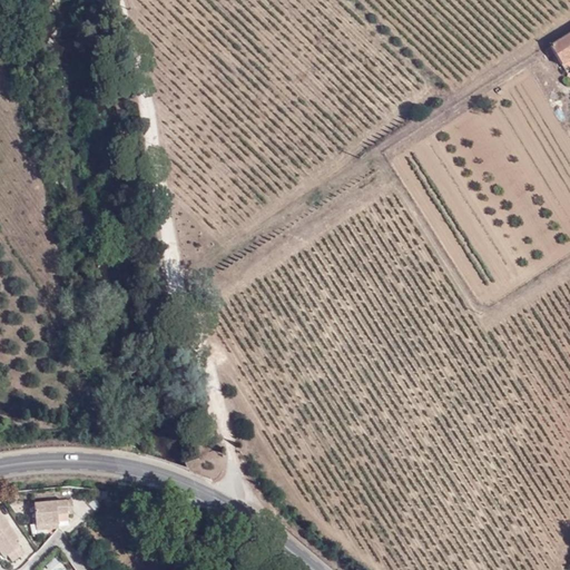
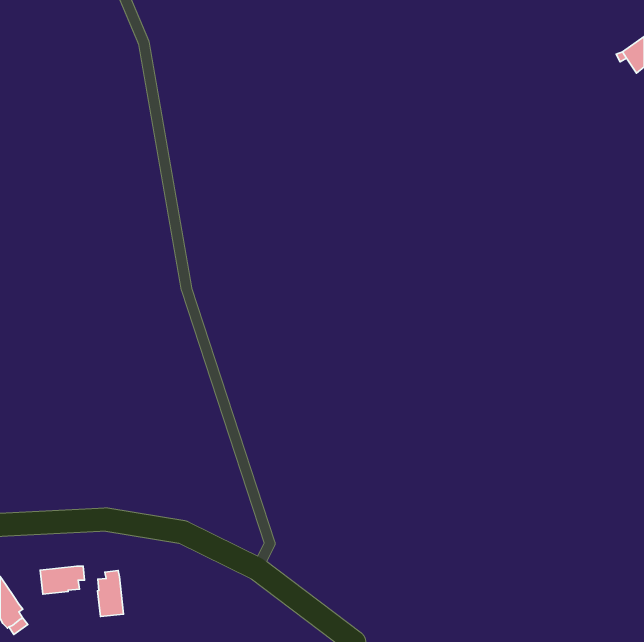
building: none -> [98,571,123,616]

